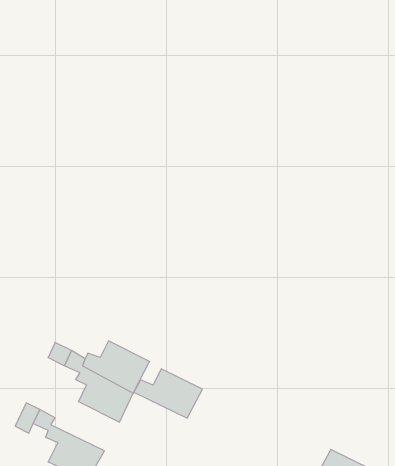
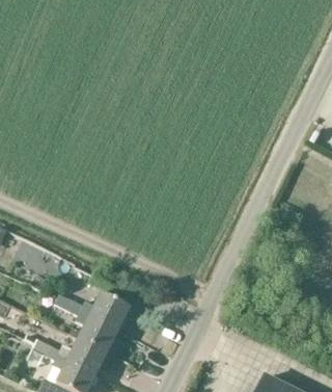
building: [134,369,202,418] -> [55,338,107,375]

